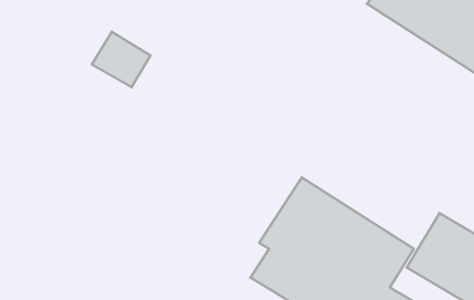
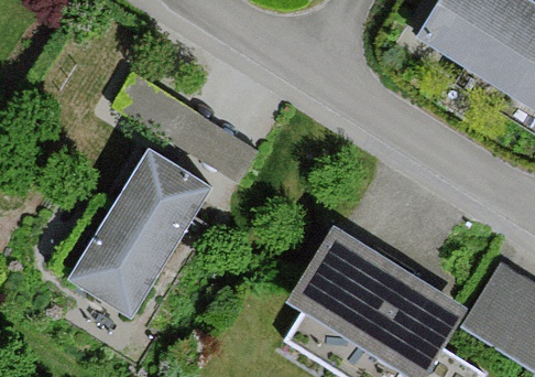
building: none -> [67,149,214,321]

